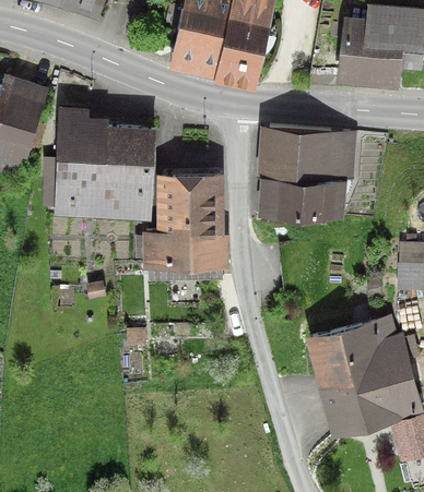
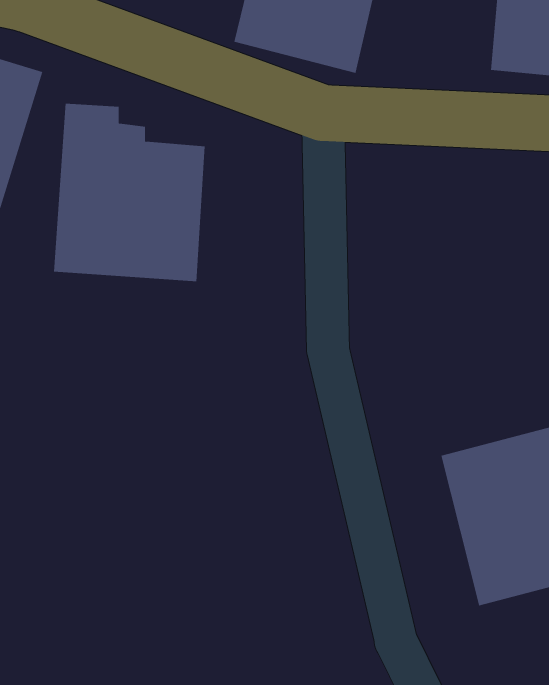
building: [256,131,351,223] -> none
building: [140,171,223,268] -> none

